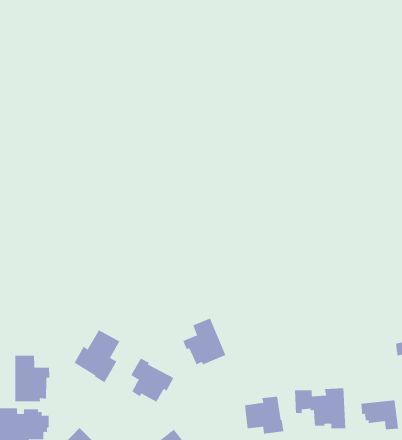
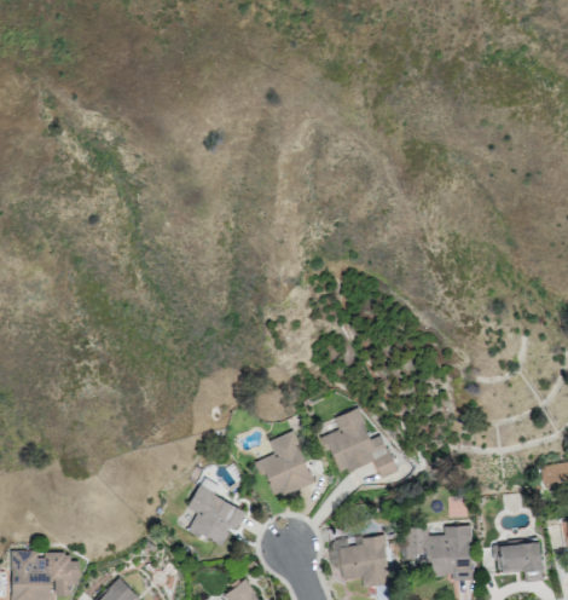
building: none -> [321,409,398,478]
building: [74,330,120,383] -> none
building: [15,355,50,402] -> none

